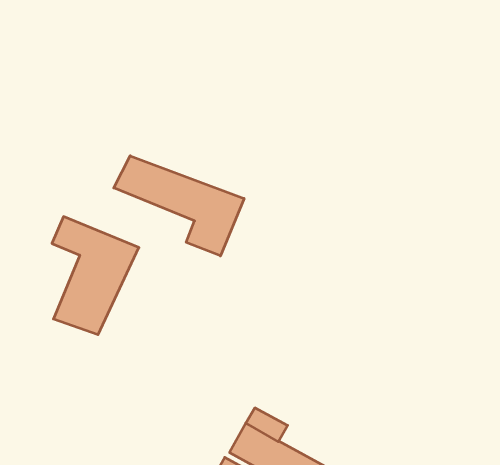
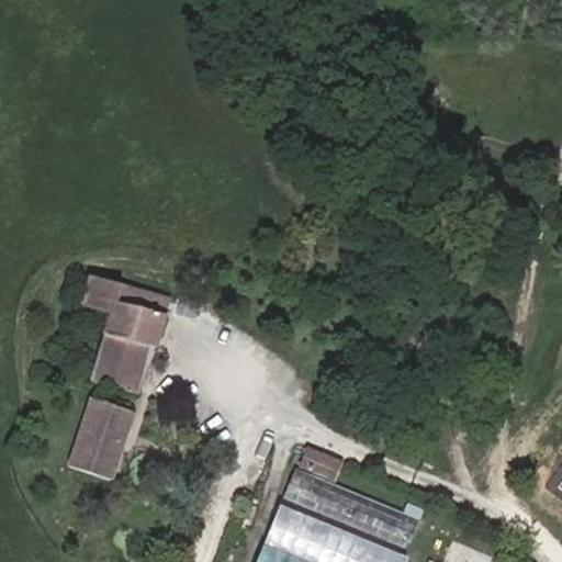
building: [114,156,244,256] -> none
building: none -> [68,402,132,479]

